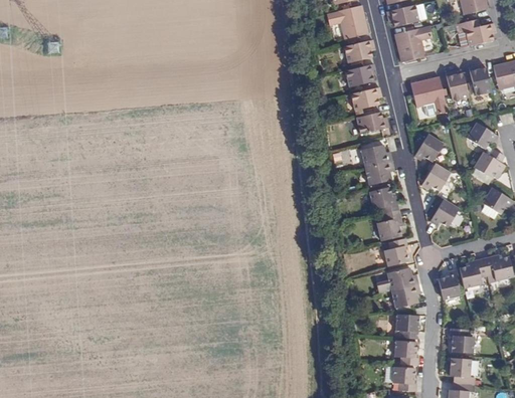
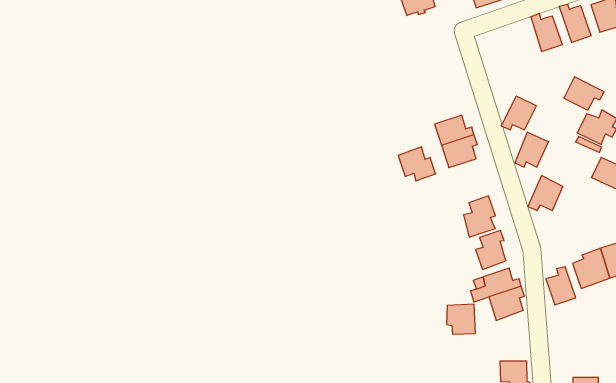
building: [344,63,374,86] -> none
building: [410,76,447,115] -> none
building: [350,86,380,111] -> none
building: [355,112,387,135] -> none
building: [370,188,398,214] -> [398,147,436,181]
building: [395,315,418,339] -> [447,304,475,334]
building: [451,329,474,354] -> none

